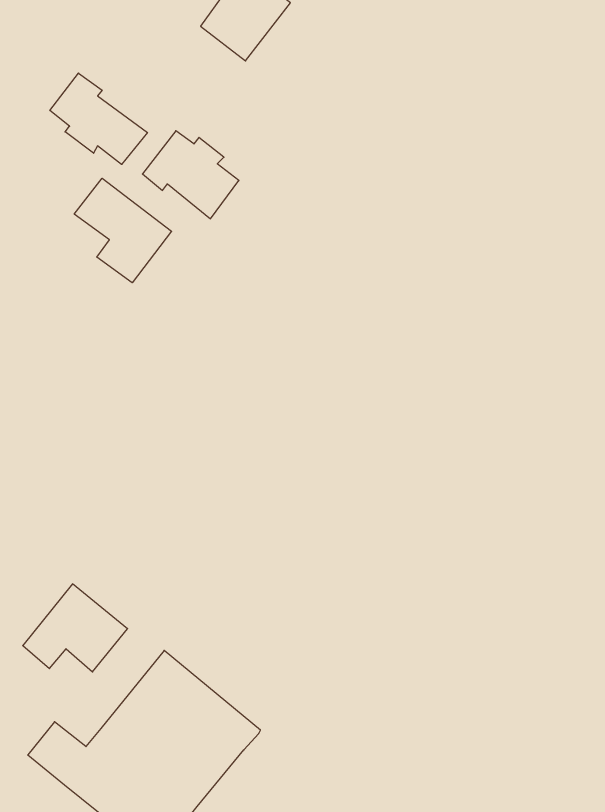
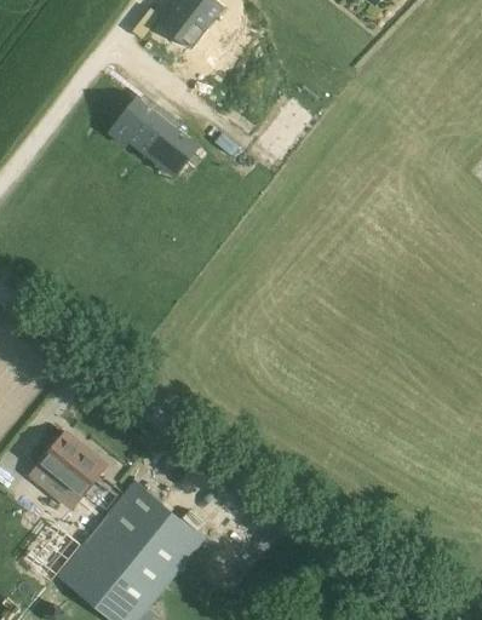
building: [50,73,147,164] -> none
building: [74,178,172,283] -> none

